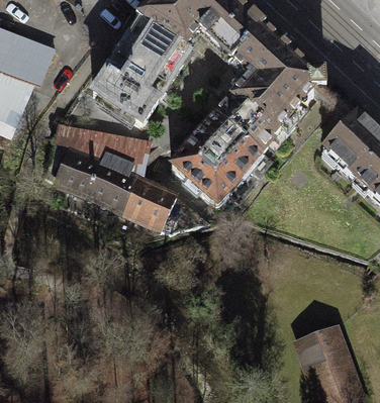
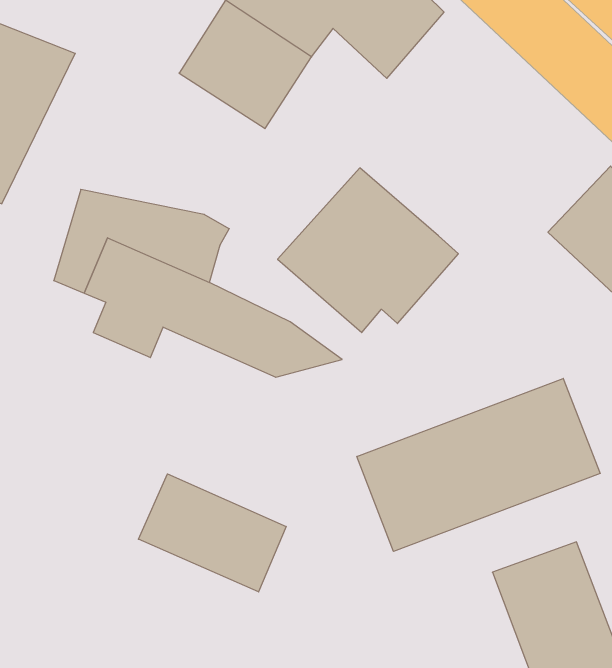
building: [216,23,324,149] -> none
building: [83,52,163,123] -> none
building: none -> [357,378,600,551]
building: none -> [138,474,286,592]

